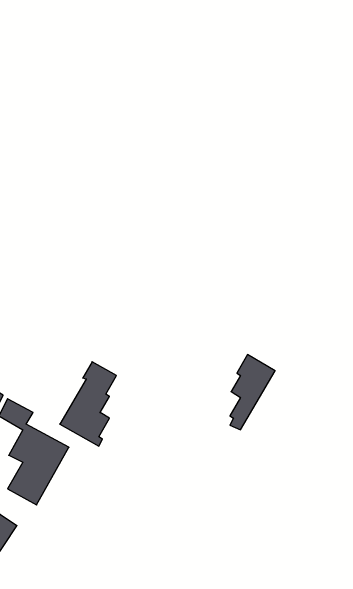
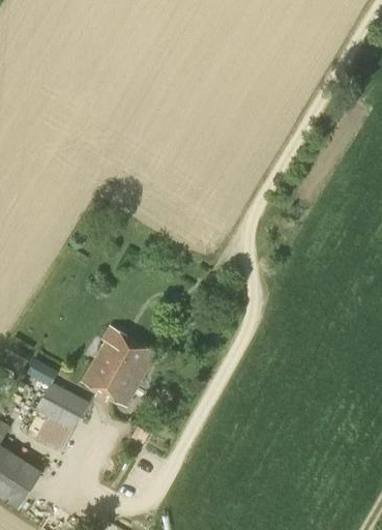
building: [230,355,275,430] -> [116,337,156,405]

